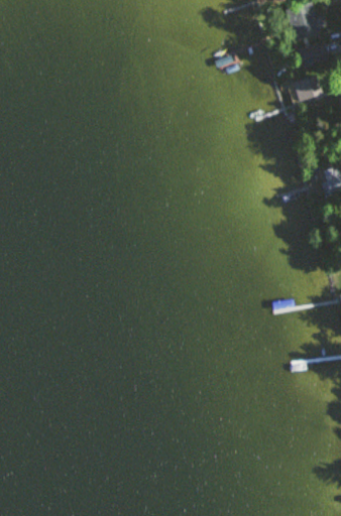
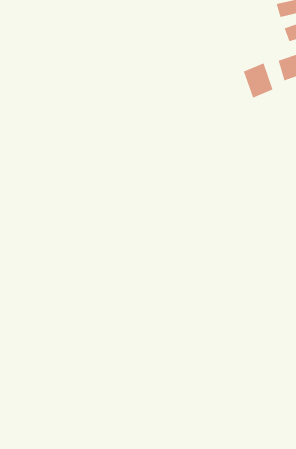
building: none -> [243,63,273,98]

